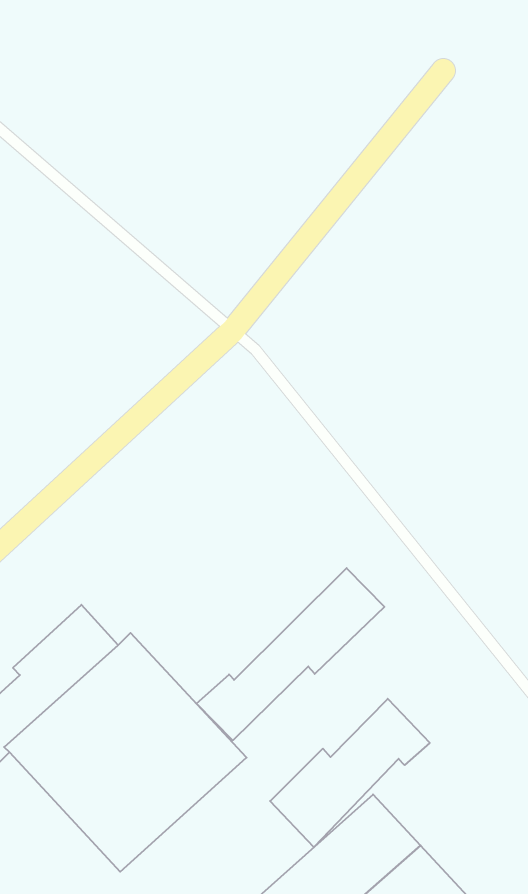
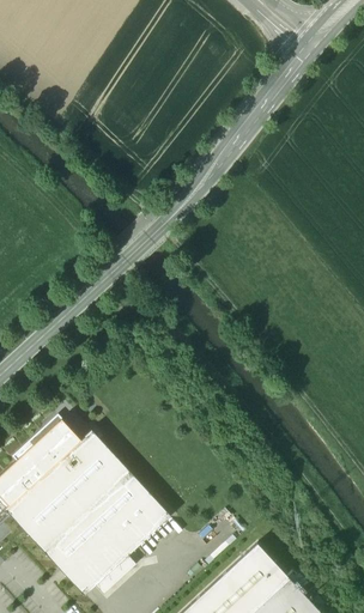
building: [196,568,384,740] -> none
building: [270,699,430,847] -> none

